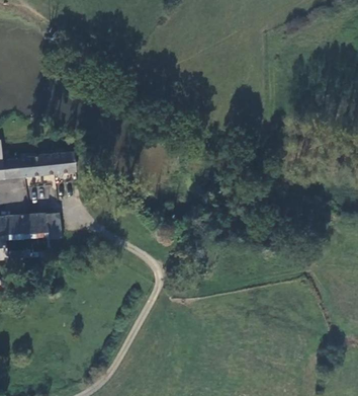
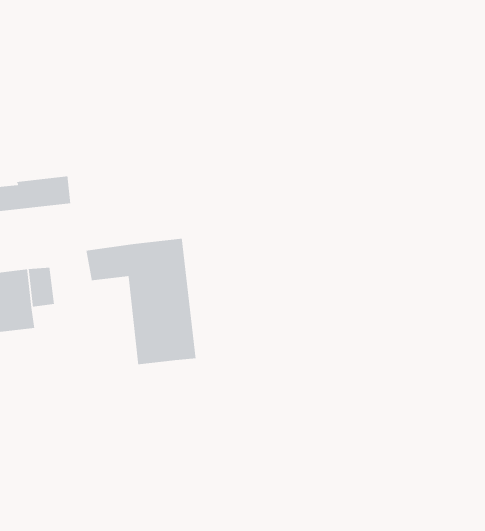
building: none -> [85,238,196,365]

